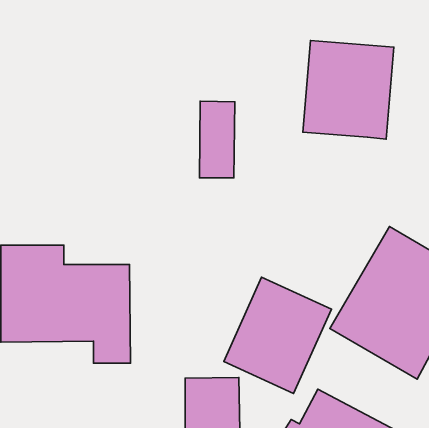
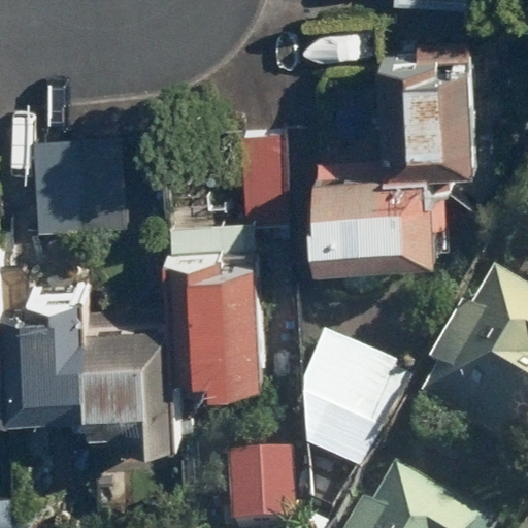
building: none -> [36,138,130,226]
building: none -> [296,160,452,269]
building: none -> [173,262,260,390]

